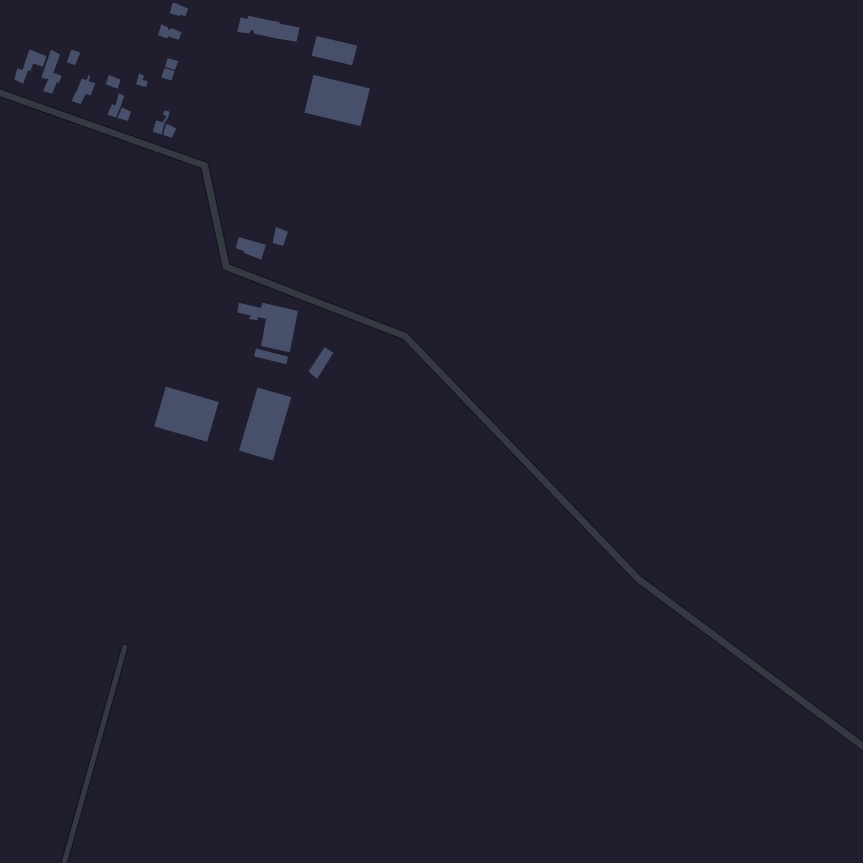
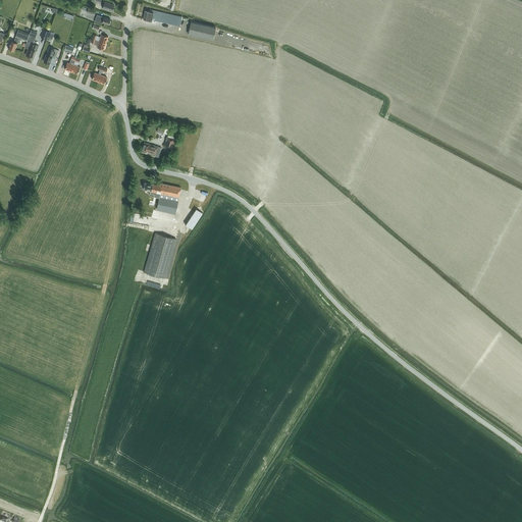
building: [304,74,370,127] -> none
building: [154,386,219,442] -> none

